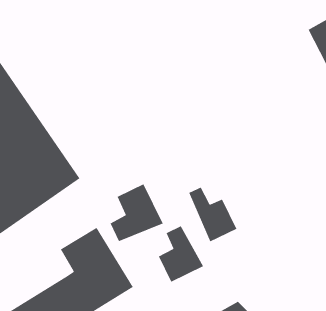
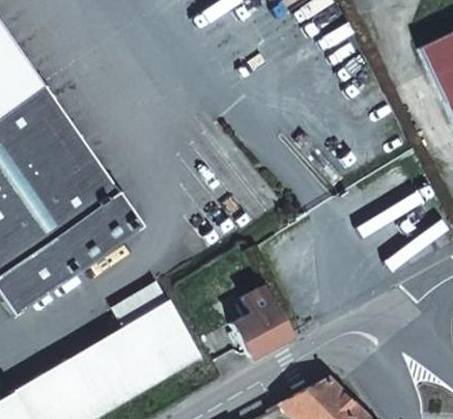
building: [110,183,164,242] -> none
building: [188,187,238,242] -> none

